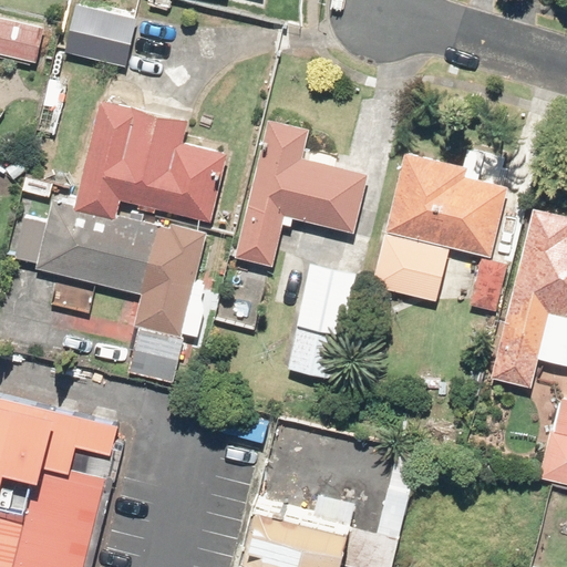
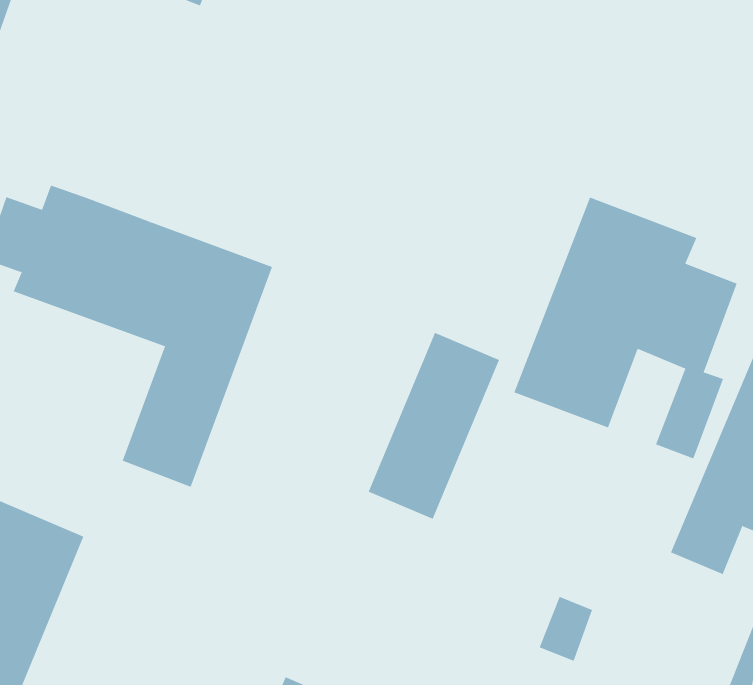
building: [78,102,226,217] -> none
building: [236,120,365,265] -> none

